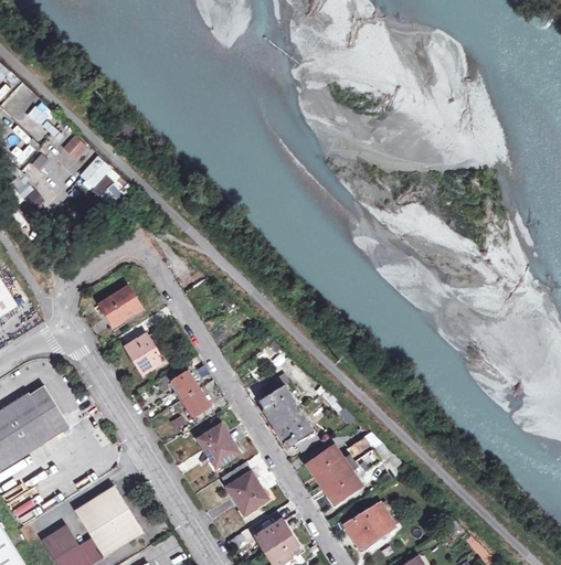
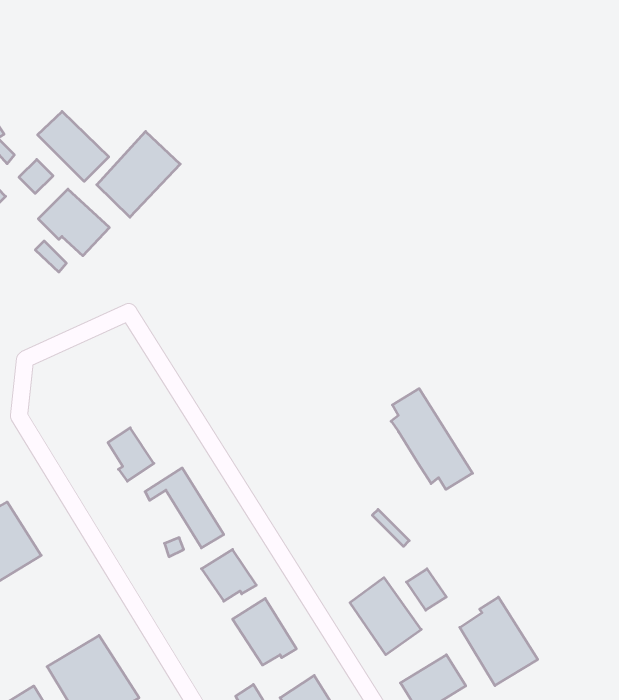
building: none -> [38,111,109,181]
building: none -> [97,131,180,217]
building: [98,285,139,323] -> none
building: [257,376,318,451] -> [391,389,473,489]
building: none -> [460,597,538,686]

